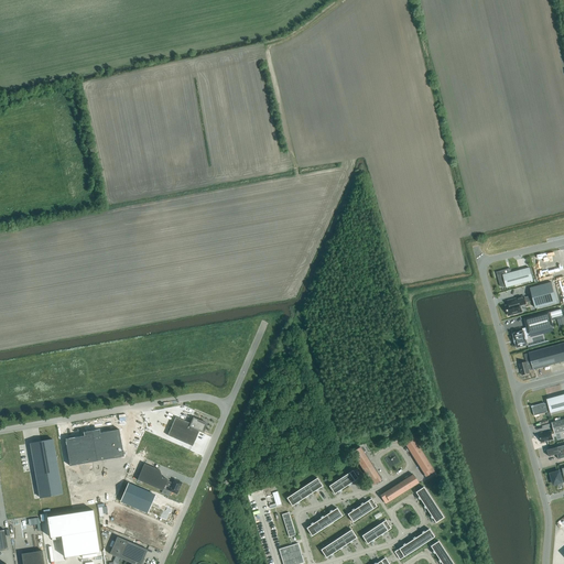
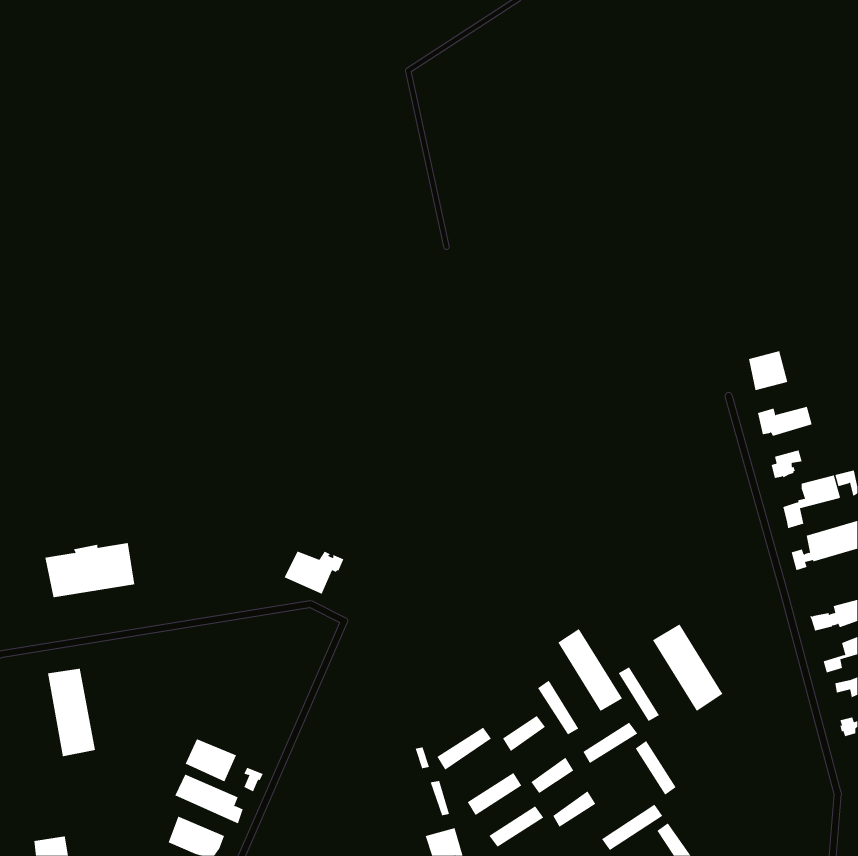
building: [531,281,557,307] -> [748,350,788,391]
building: none -> [652,623,723,712]
building: none -> [558,628,623,712]
building: [167,416,207,445] -> [284,551,344,594]
building: [63,429,122,465] -> [45,542,135,598]
building: [138,463,182,492] -> none
building: [47,509,100,556] -> none

